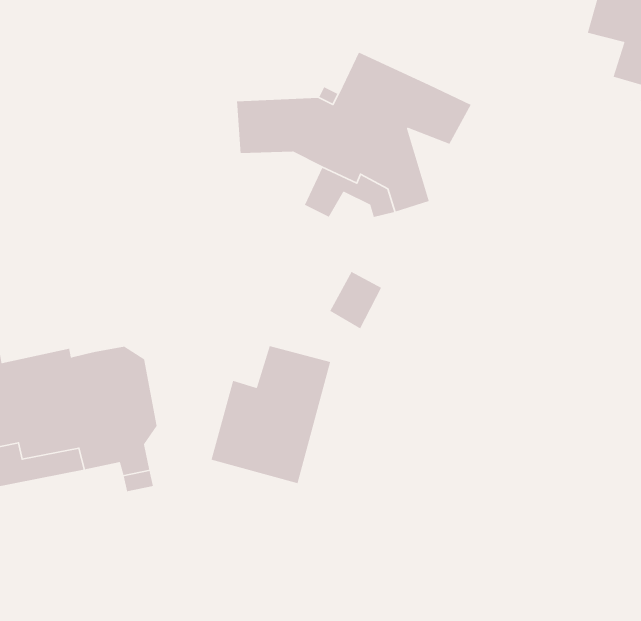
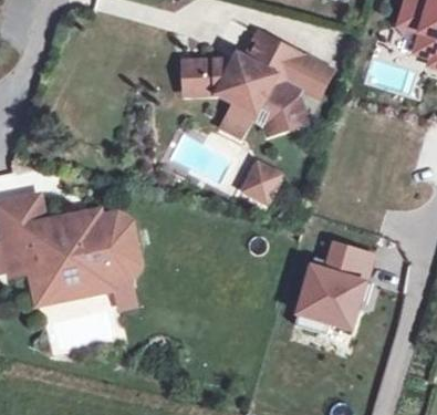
building: [211,345,331,484] -> [296,241,370,325]

